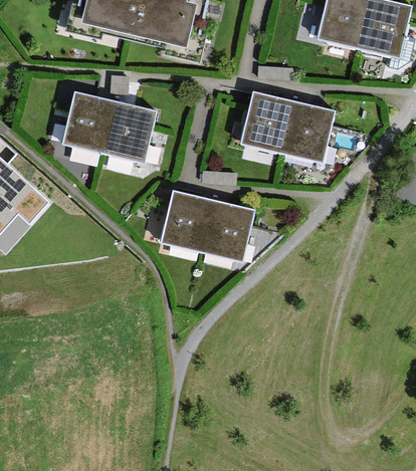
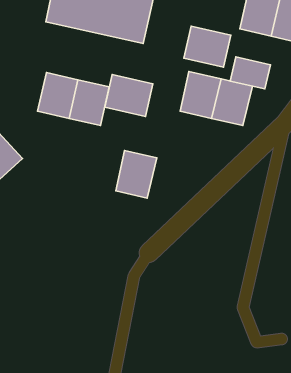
building: none -> [184,26,231,67]
building: none -> [230,57,270,89]
building: none -> [105,74,153,117]
building: [201,199,253,258] -> none

